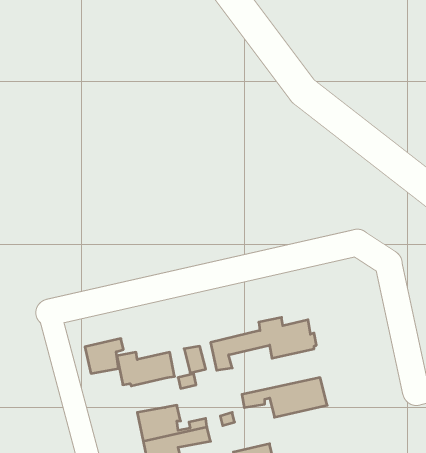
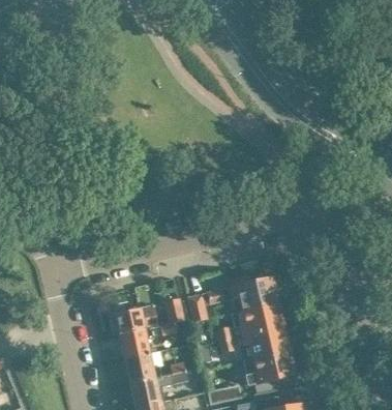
building: [85,339,123,373] -> [120,328,153,358]
building: none -> [213,303,282,343]
building: none -> [243,352,294,386]

